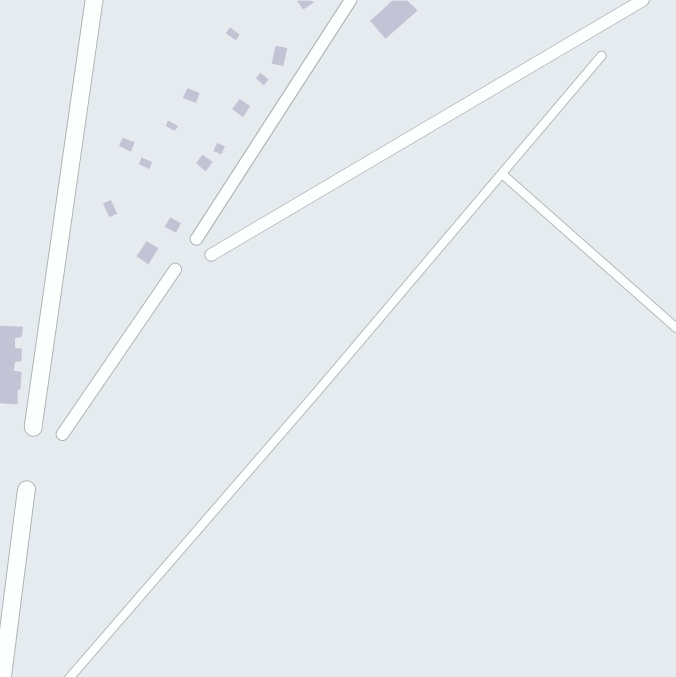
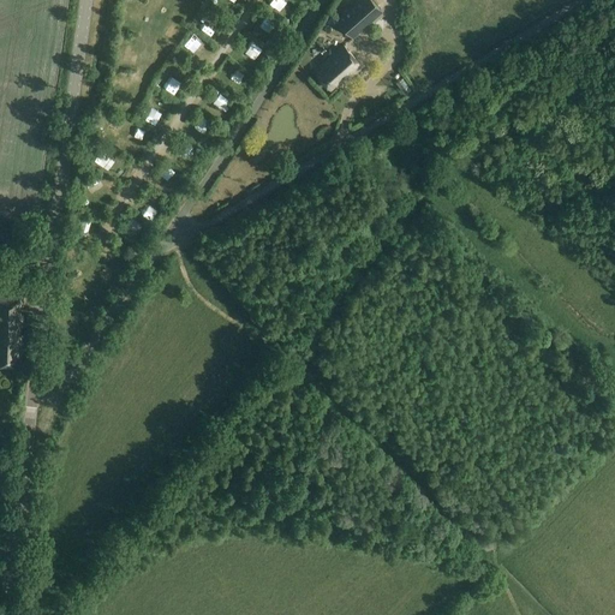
building: none -> [315,47,359,90]

